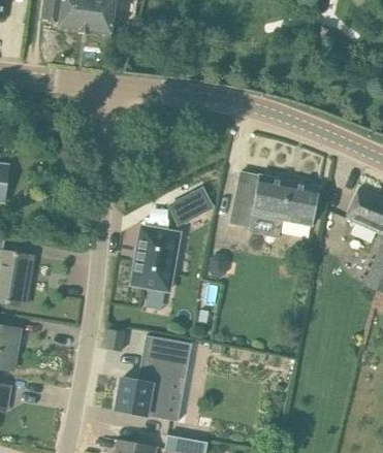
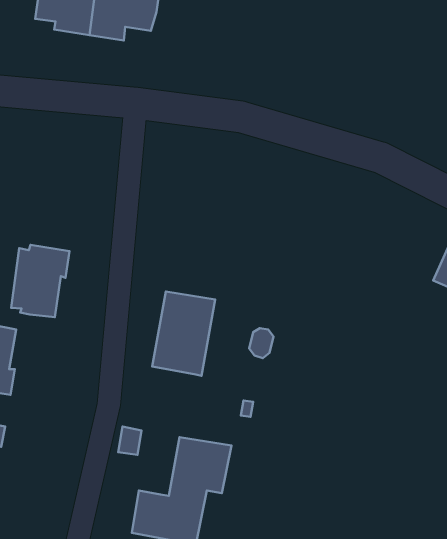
building: [229,171,320,228] -> none
building: [165,184,217,223] -> none
building: none -> [11,245,70,317]

